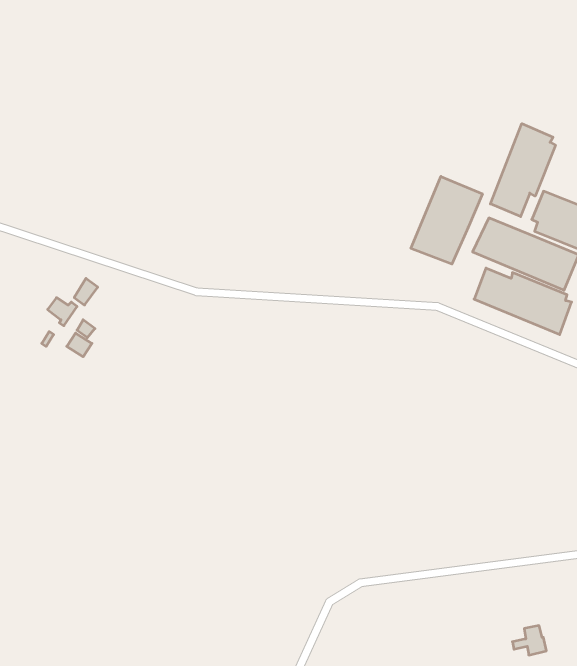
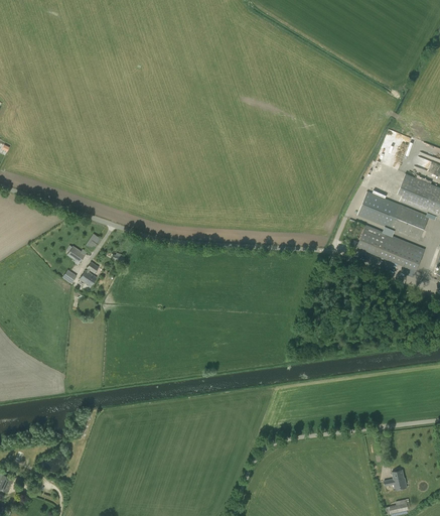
building: [490,124,555,217] -> none
building: [411,176,482,264] -> none

